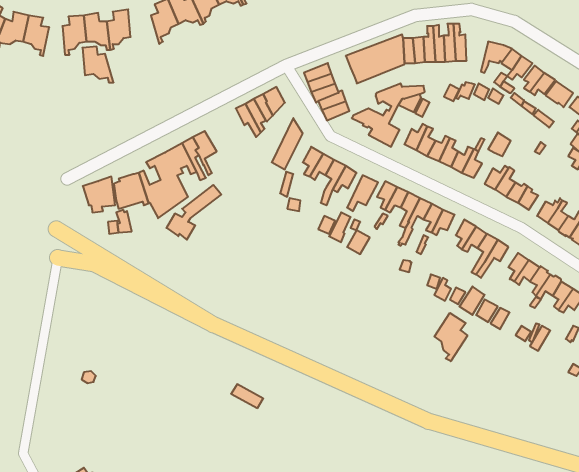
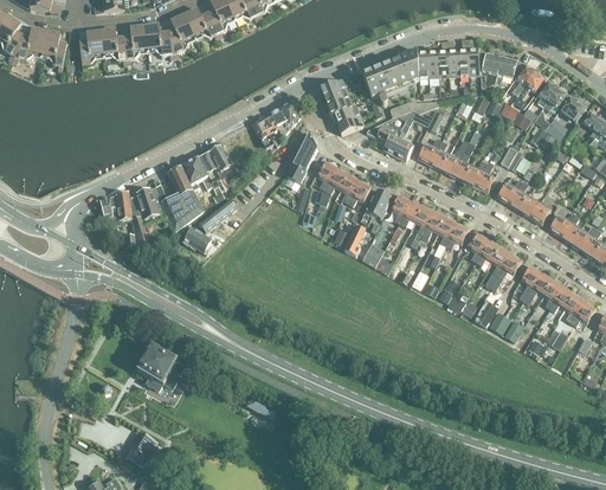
building: none -> [478,50,501,90]
building: [82,47,114,82] -> [144,22,175,58]
building: [434,313,467,361] -> none
building: none -> [137,346,185,389]
building: none -> [127,432,156,465]

